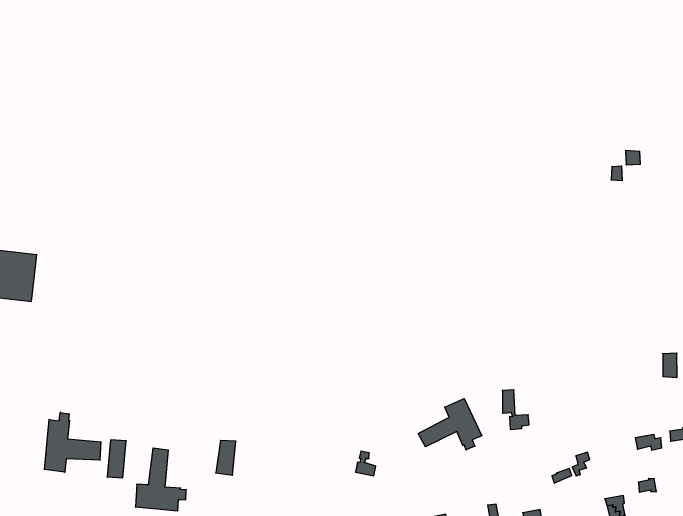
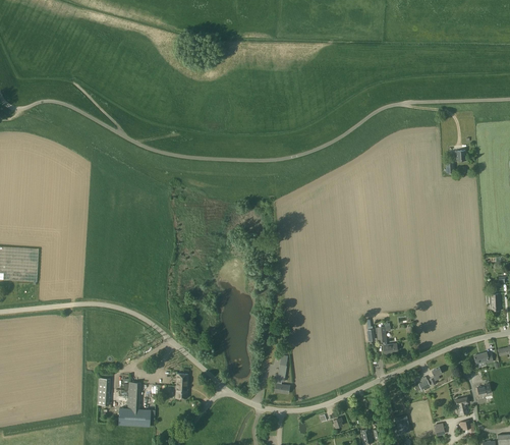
building: [418,399,482,450] -> none
building: [44,412,101,472] -> none

